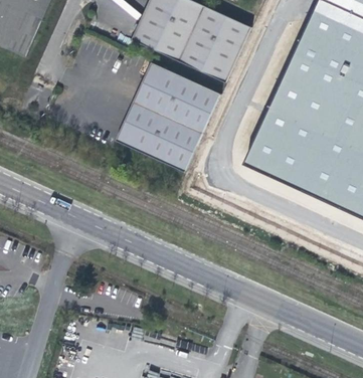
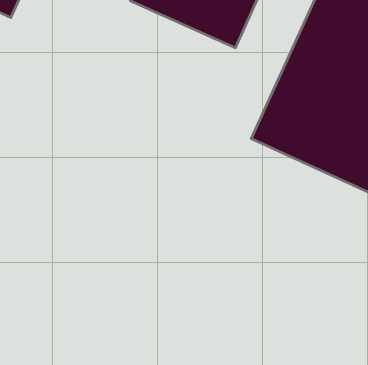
building: [119,62,223,173] -> none

